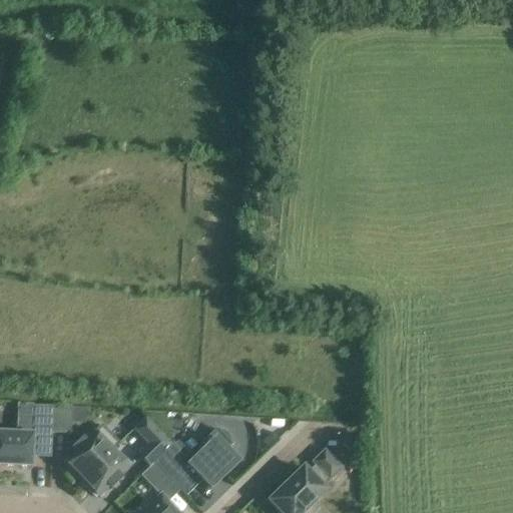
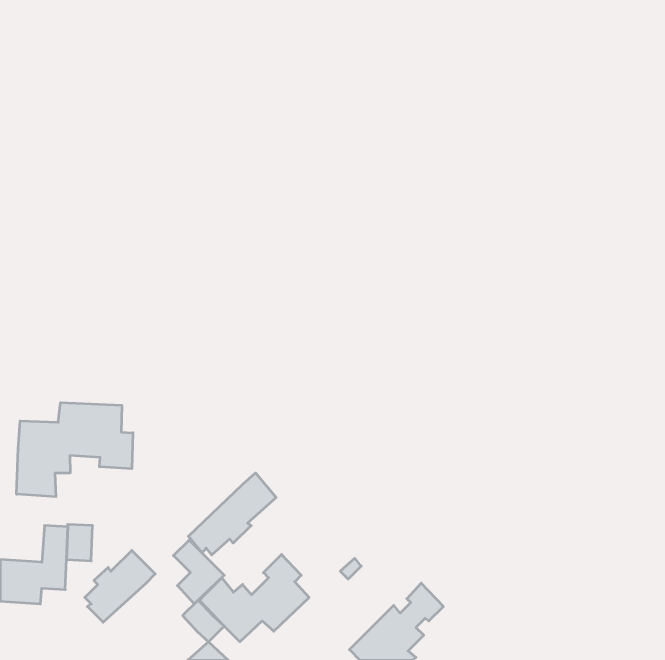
building: none -> [17,403,133,497]
building: none -> [188,473,276,555]
building: [80,448,129,493] -> none

